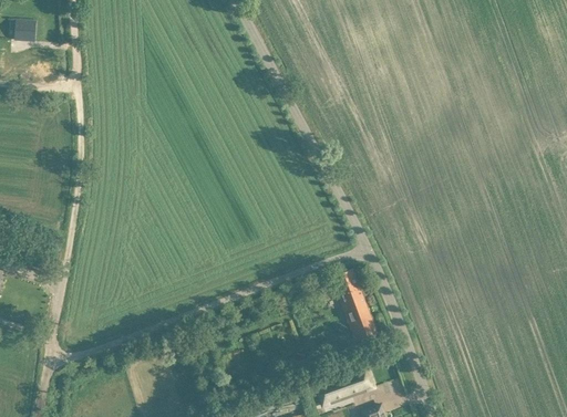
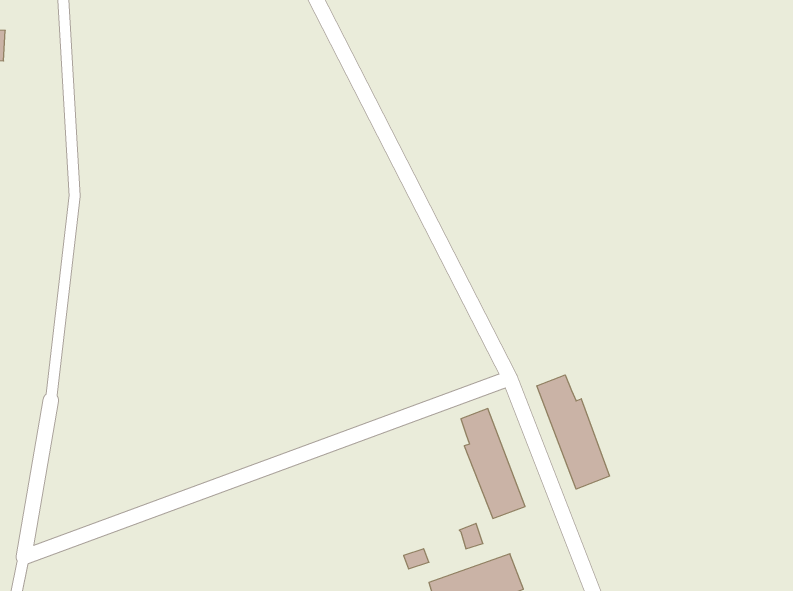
building: none -> [537,375,609,489]

